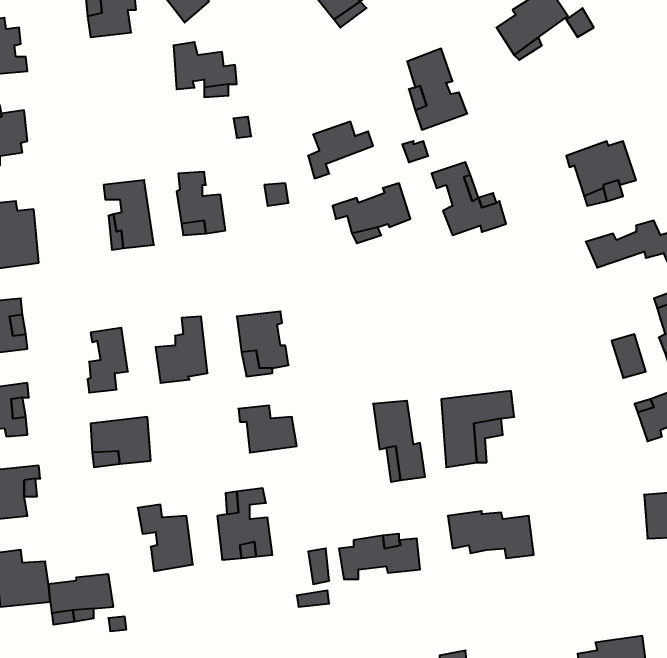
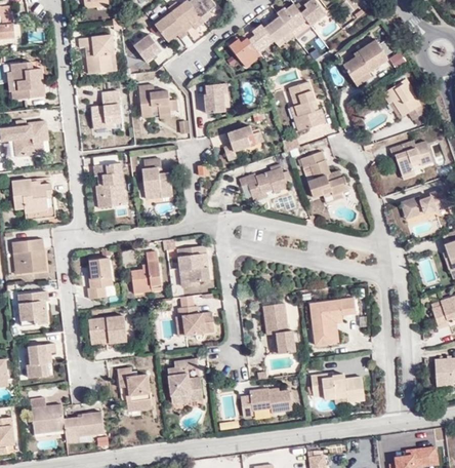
building: none -> [382,79,425,120]
building: none -> [203,83,226,113]
building: none -> [89,88,122,127]

